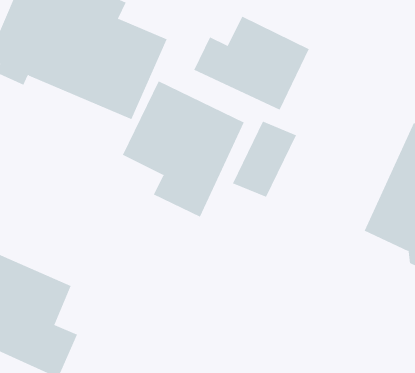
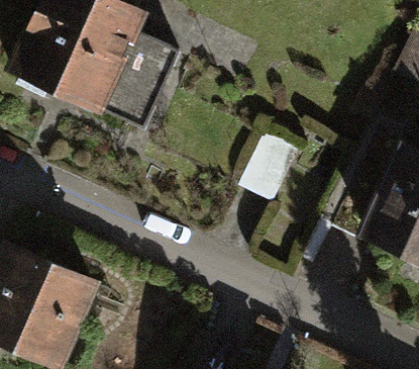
building: [193,16,310,110] -> none
building: [122,81,244,218] -> none

